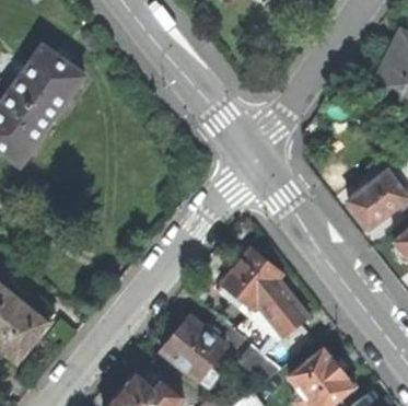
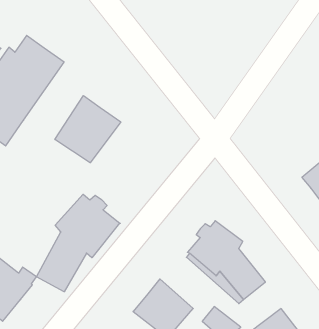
building: none -> [55,96,121,163]
building: none -> [36,194,120,292]

